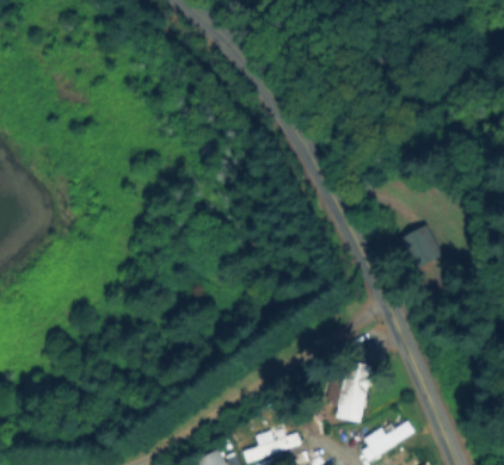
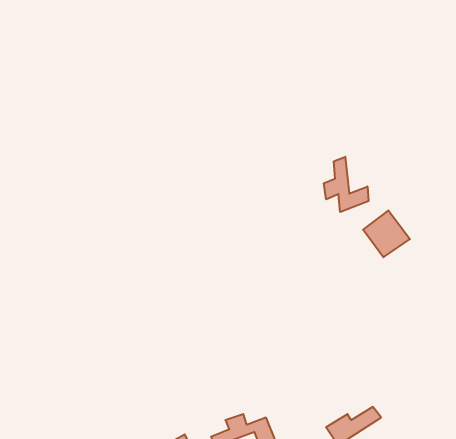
building: none -> [324,157,369,212]
building: [328,359,374,422] -> none

